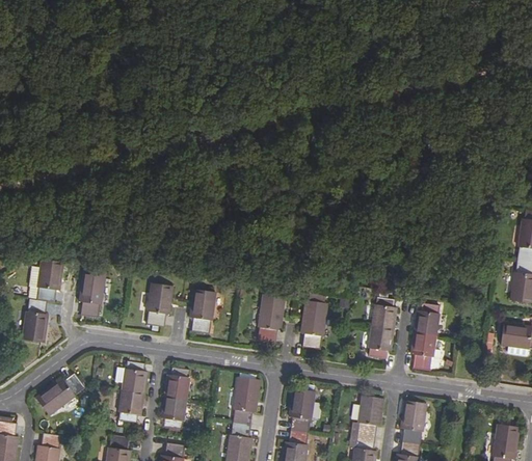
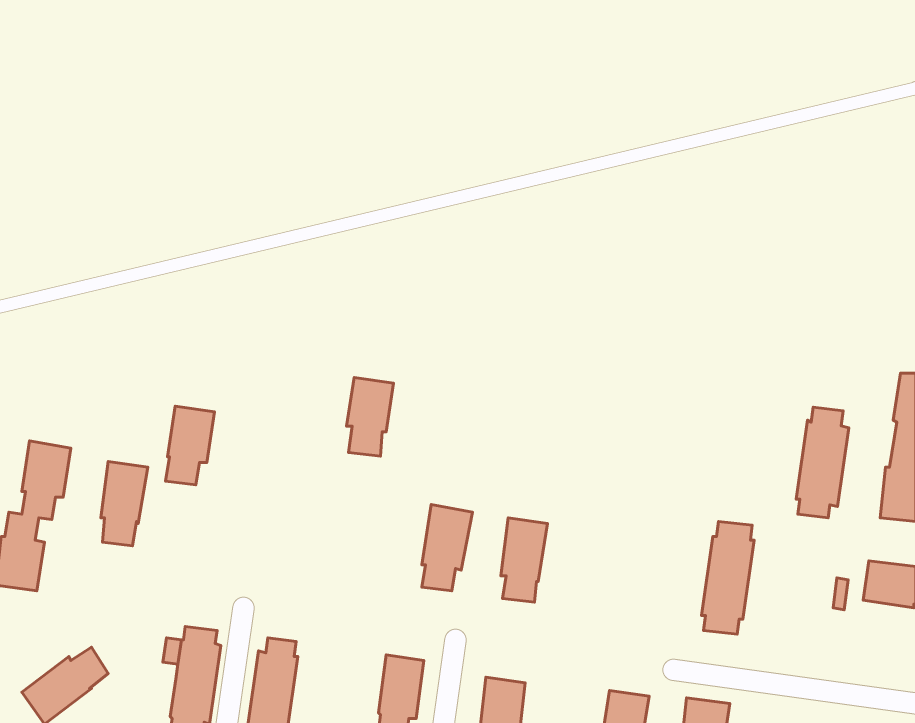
building: [147,282,174,326] -> [166,406,214,485]
building: [190,290,216,333] -> [347,377,394,456]
building: [369,297,398,358] -> [796,407,849,518]

